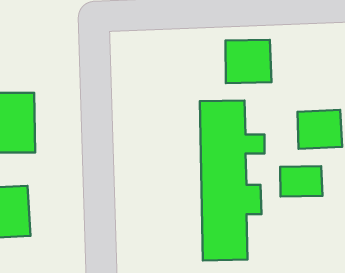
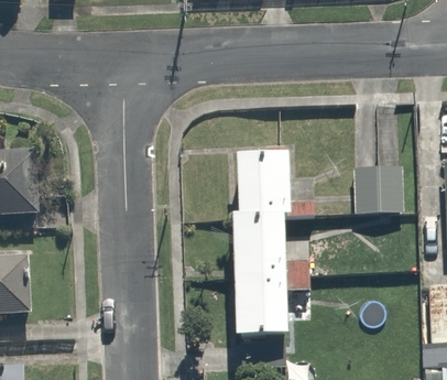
building: [225,40,271,83] -> none
building: [280,166,322,197] -> none

